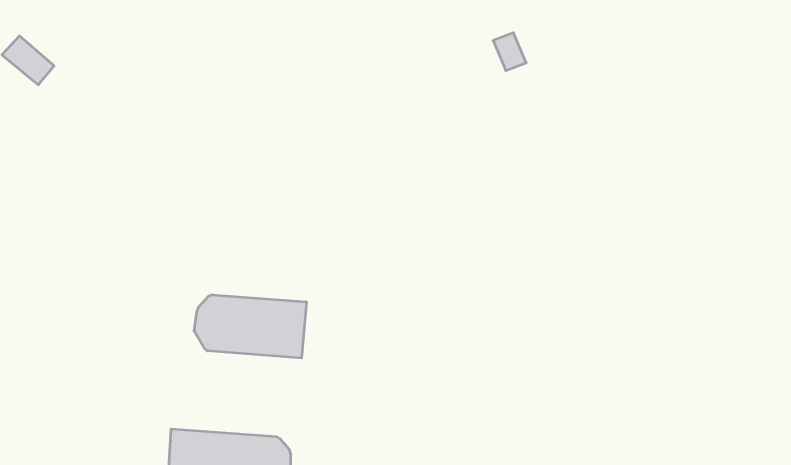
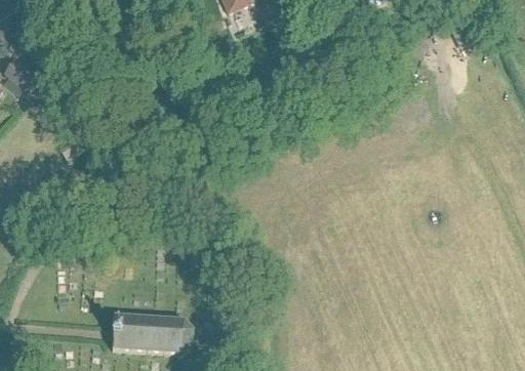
building: [194,295,306,358] -> none

